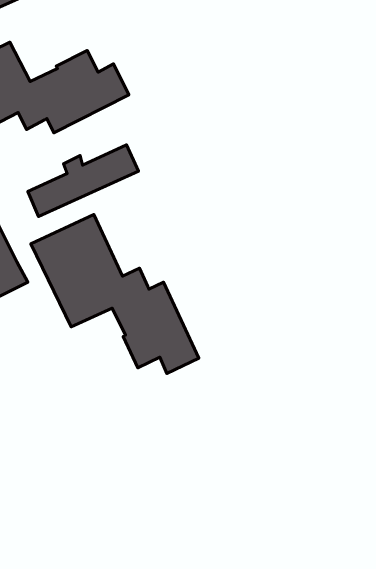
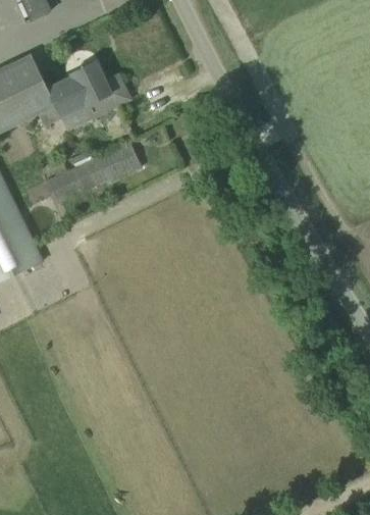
building: [31,215,199,373] -> none

